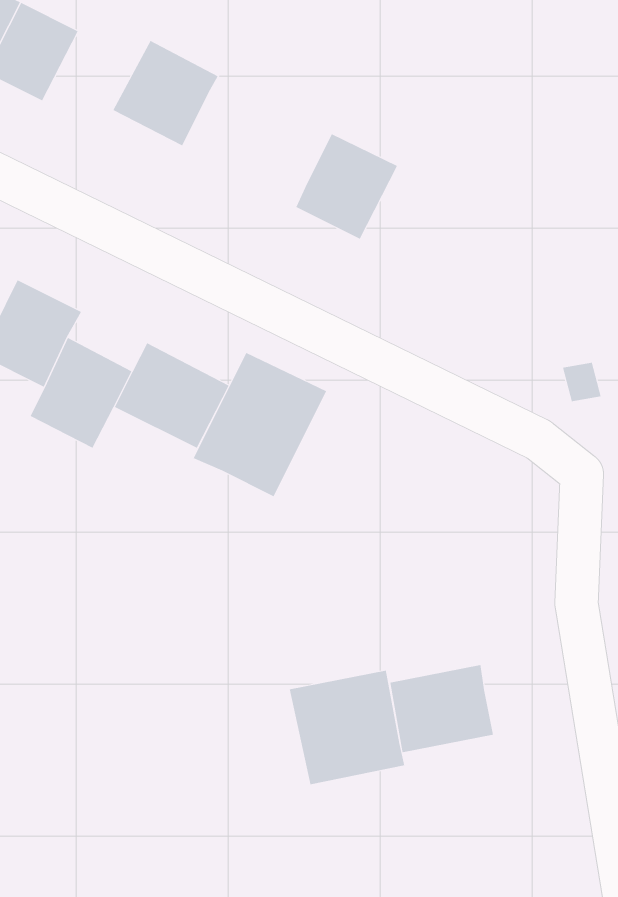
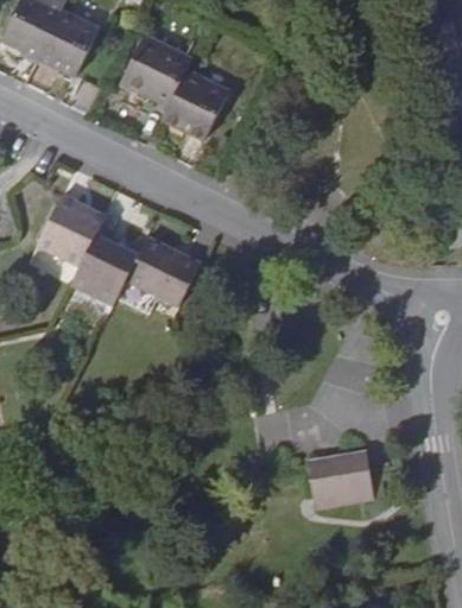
building: [295,133,398,240] -> [163,71,230,141]
building: [193,352,327,497] -> none
building: [289,670,405,785] -> none

